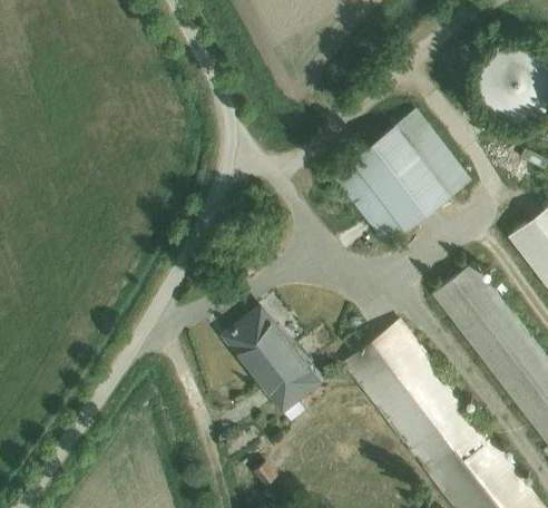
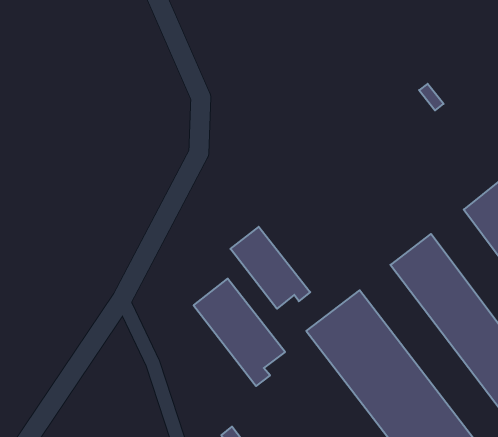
building: [332,109,471,245] -> none
building: none -> [230,227,310,309]

